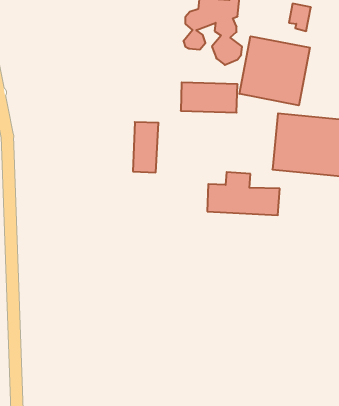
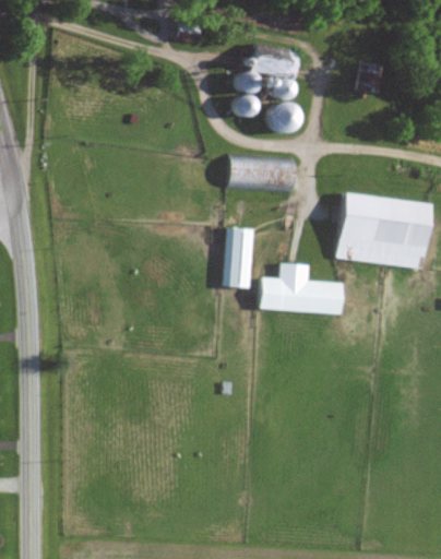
building: [239,36,310,105] -> none
building: [133,122,159,172] -> [225,228,255,288]

